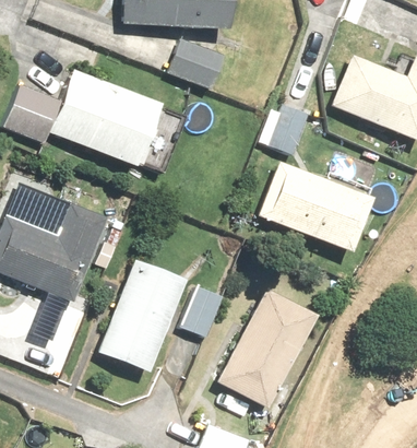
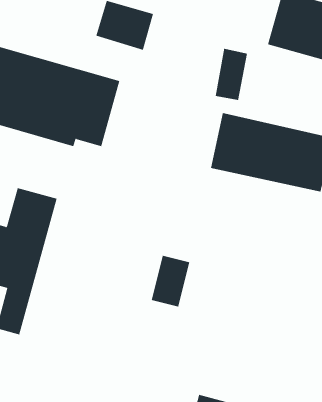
building: [99,259,184,369] -> none
building: [219,286,319,406] -> none

